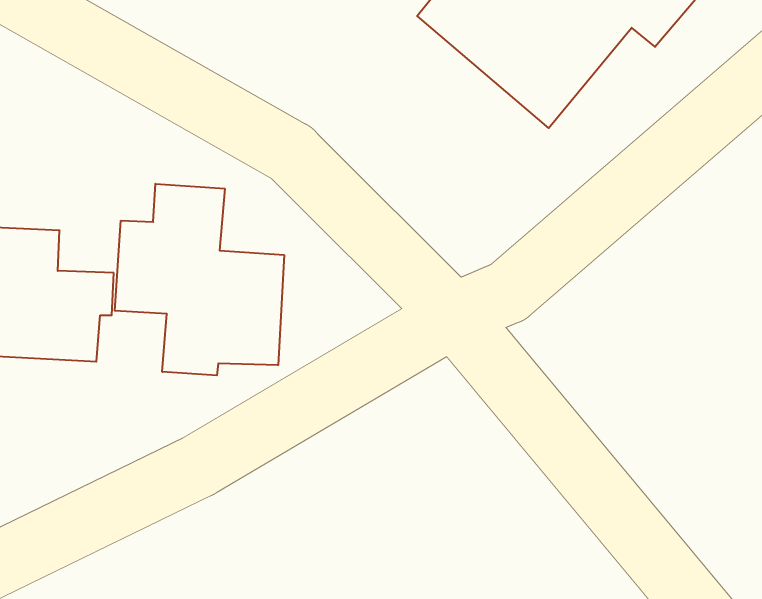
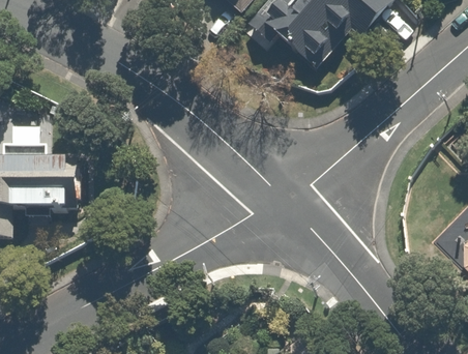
building: [115,184,284,375] -> none

